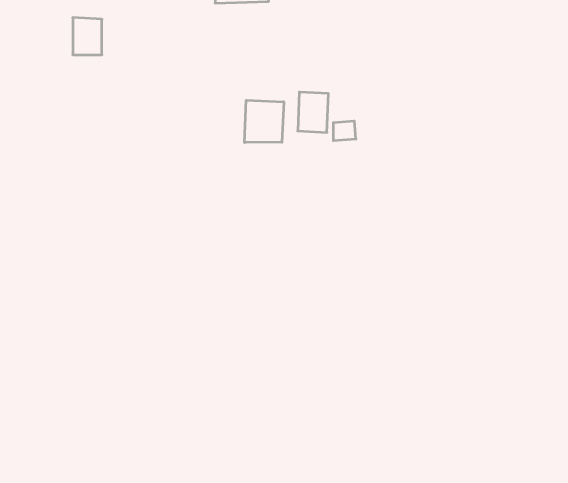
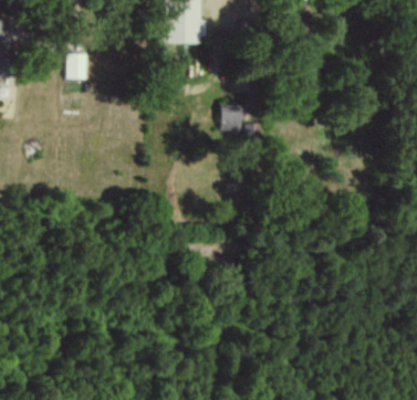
building: [245,100,284,143] -> none

